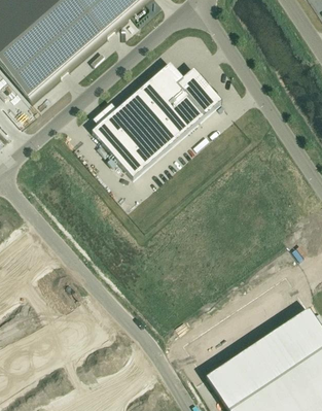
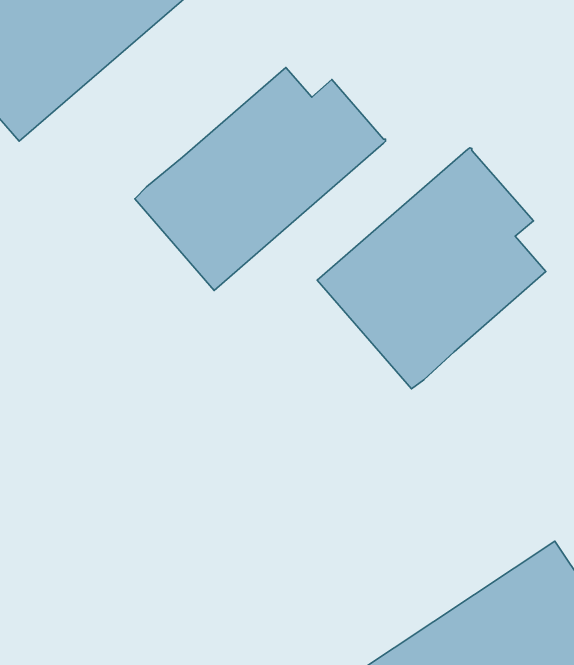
building: none -> [317,148,546,389]

